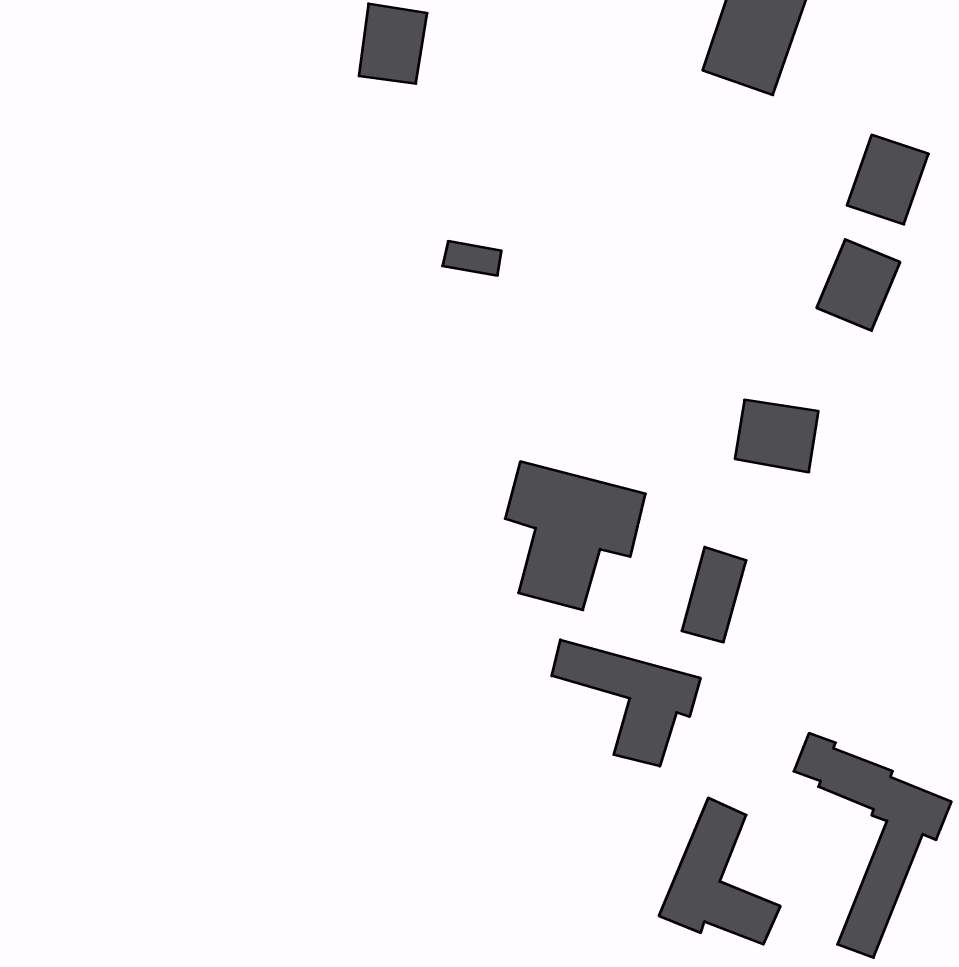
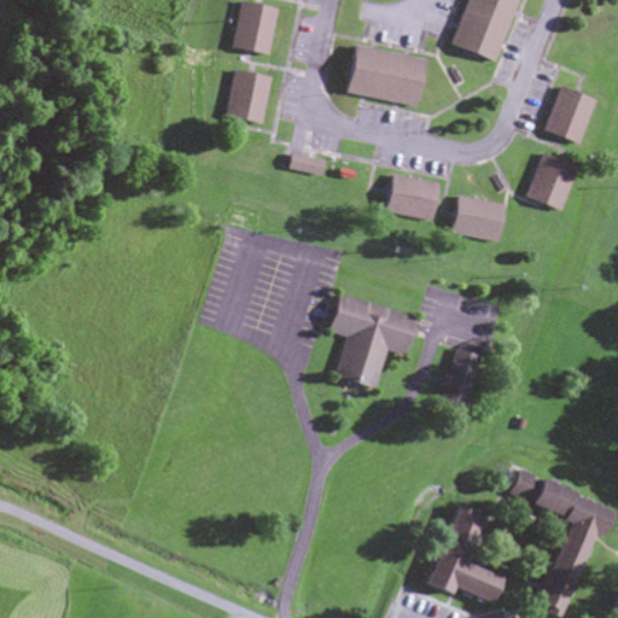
building: none -> [346,45,426,105]
building: none -> [228,69,274,123]
building: none -> [386,174,439,218]
building: [735,400,818,472] -> [451,196,505,241]
building: [552,640,700,766] -> none

